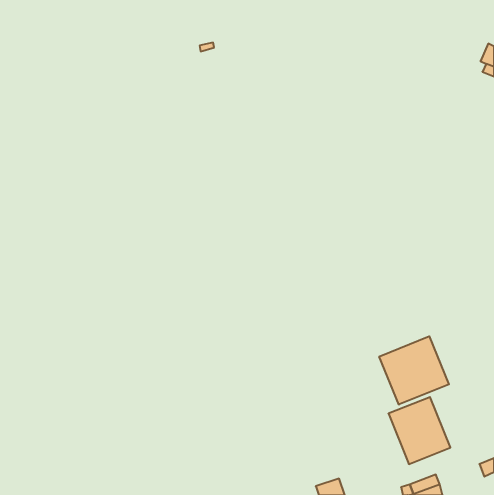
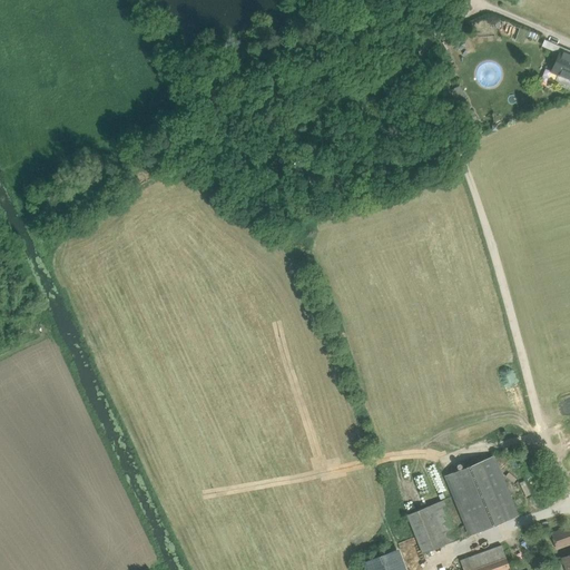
building: [379,336,449,405] -> none
building: none -> [406,500,460,553]

